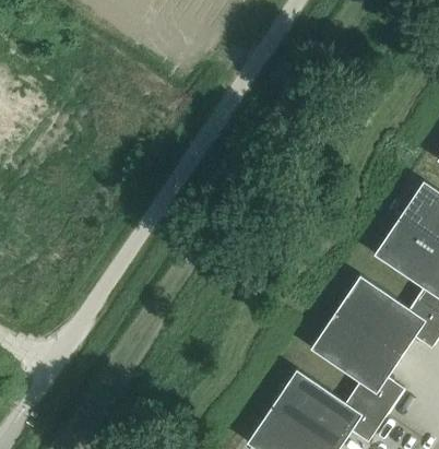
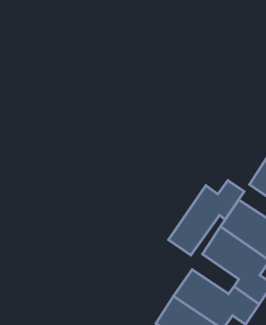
building: none -> [168,180,244,255]

